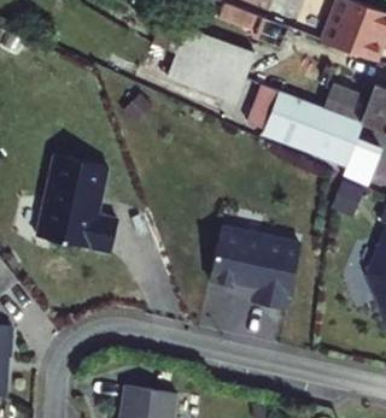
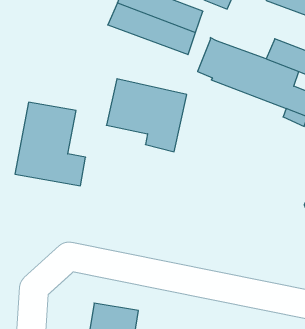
building: [209,228,300,311] -> [106,79,187,152]

